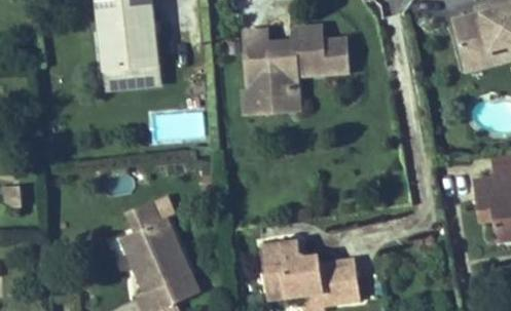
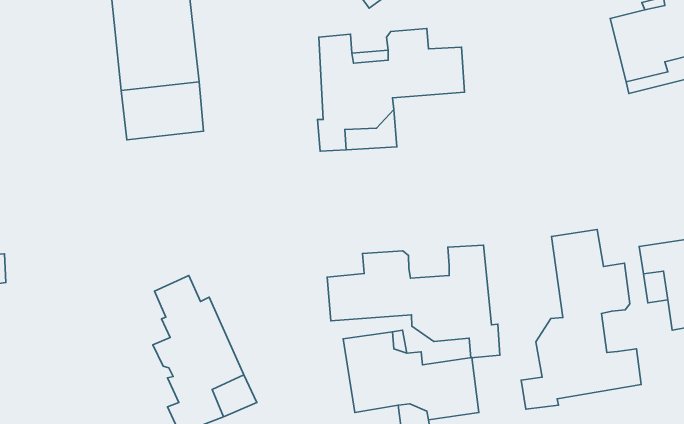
building: none -> [521,229,641,409]
building: none -> [327,245,500,358]

